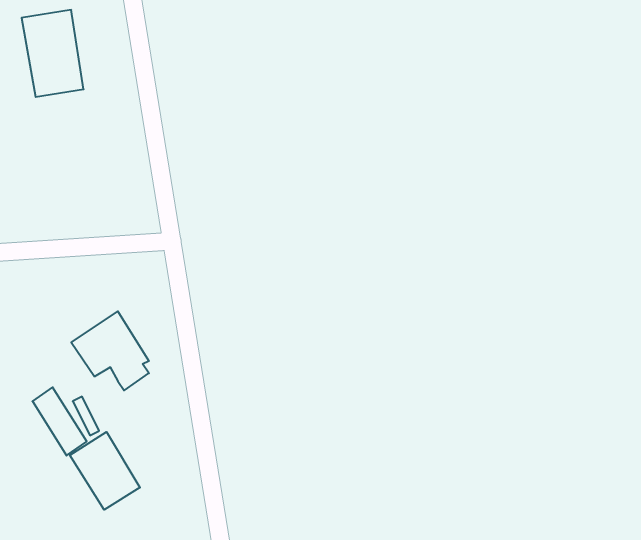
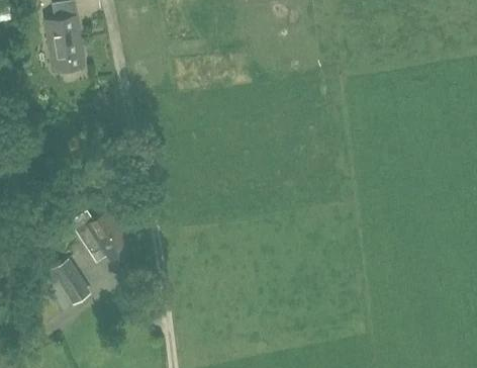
building: [70,432,140,510] -> none

